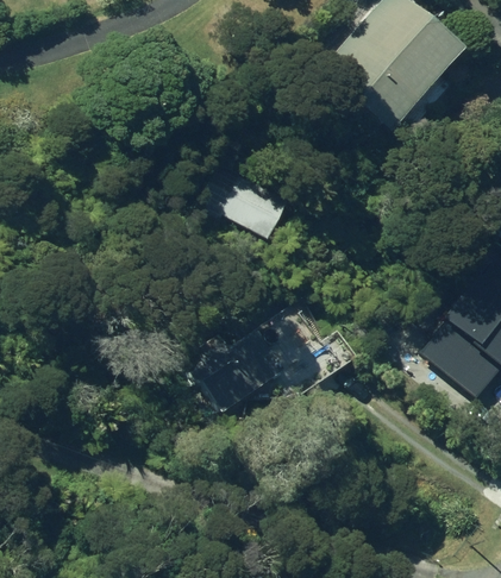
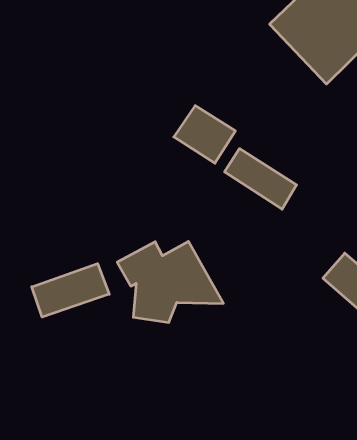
building: none -> [225,149,297,209]
building: none -> [32,264,109,317]

